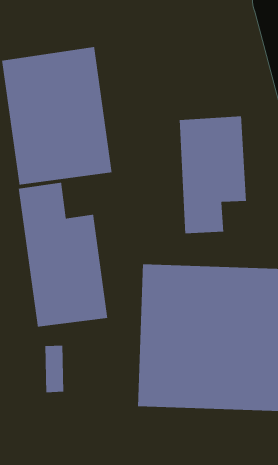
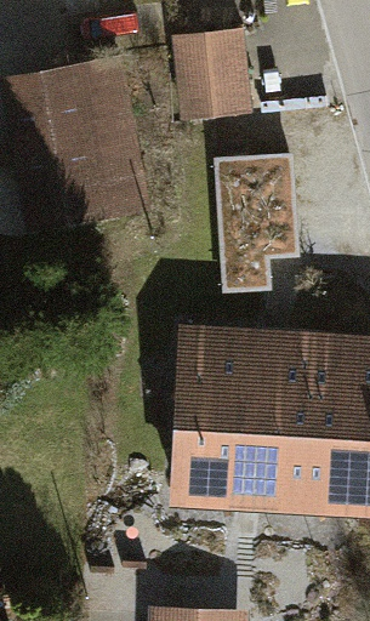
building: none -> [172,29,249,120]
building: [18,182,108,327] -> none

